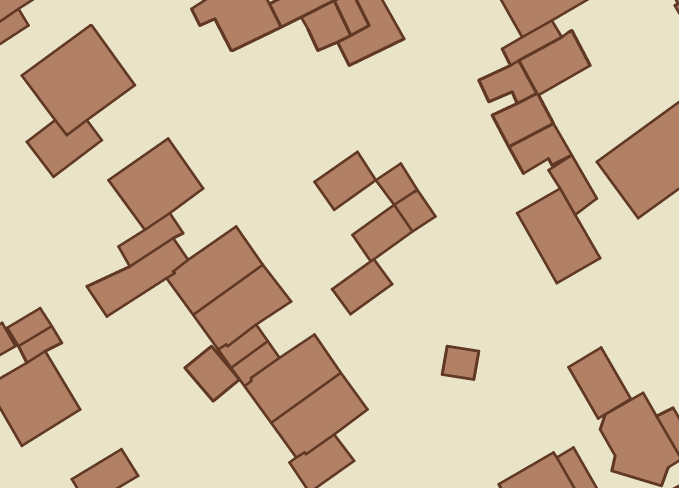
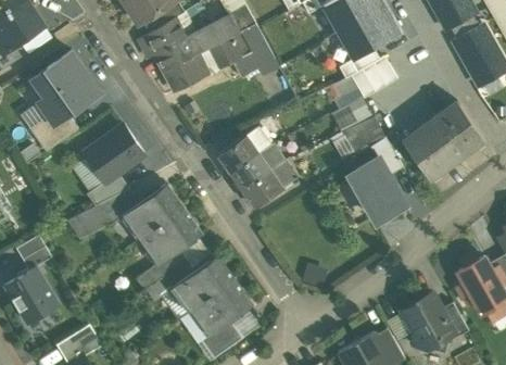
building: none -> [164,47,213,91]
building: [332,259,392,314] -> [230,153,269,189]
building: [569,347,631,419] -> none

